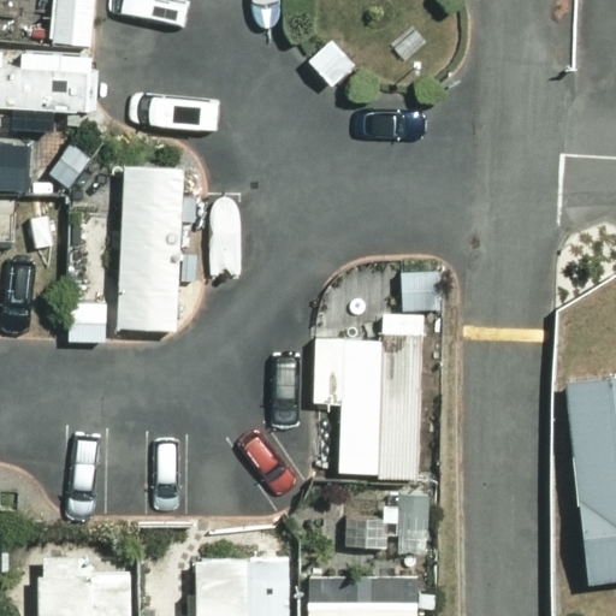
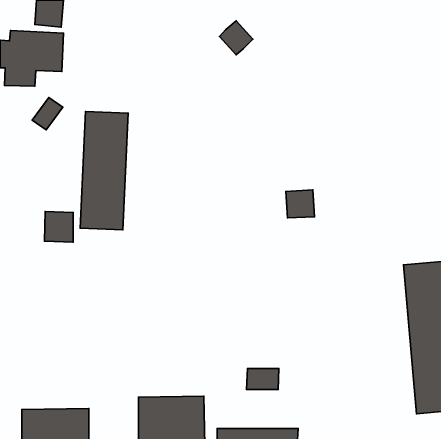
building: [316,339,424,474] -> none

